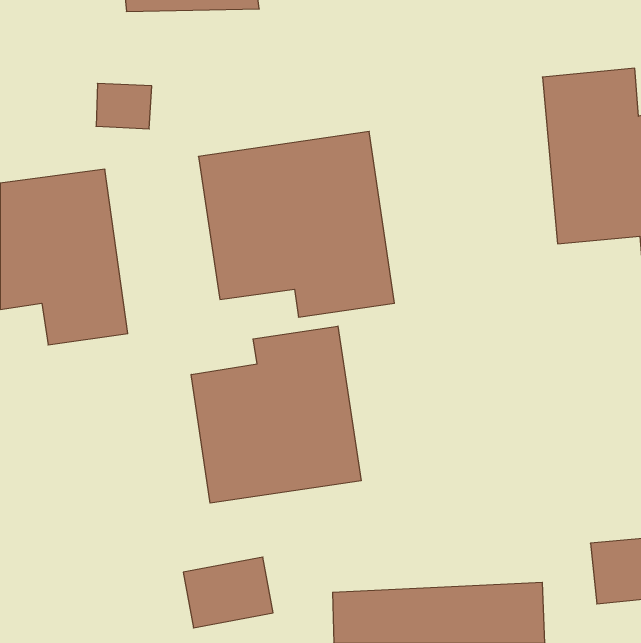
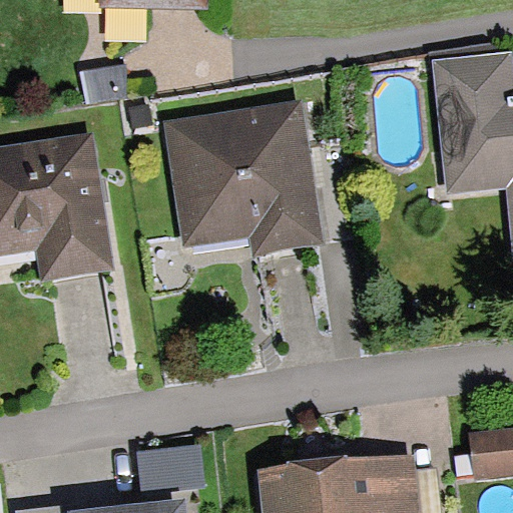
building: [191,326,361,503] -> none

